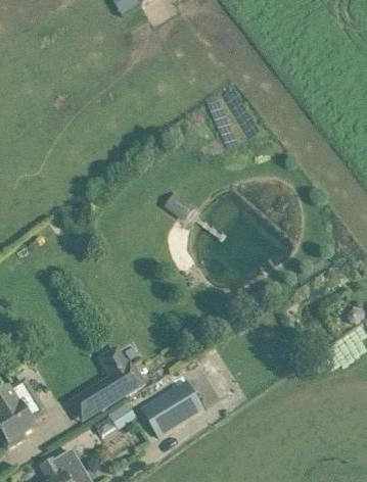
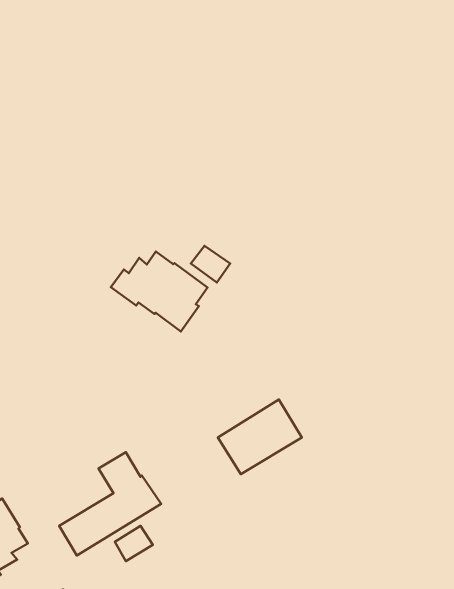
building: none -> [111,251,208,331]
building: [139,380,202,436] -> [218,399,302,474]

